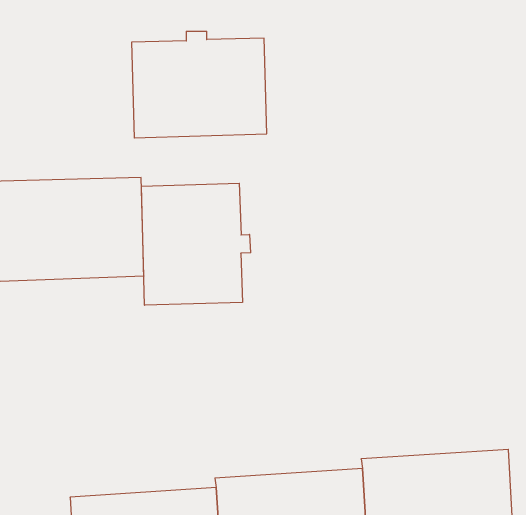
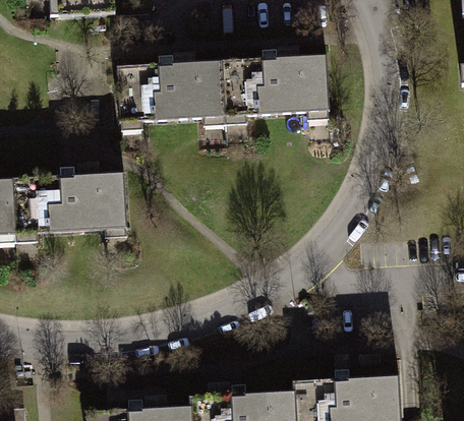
building: none -> [225,47,332,128]
building: [142,183,251,305] -> none

